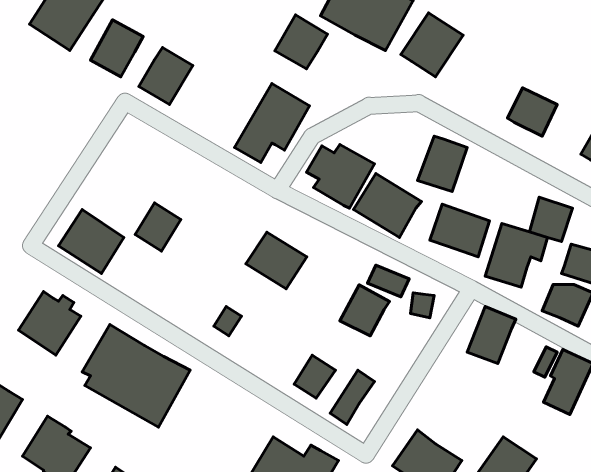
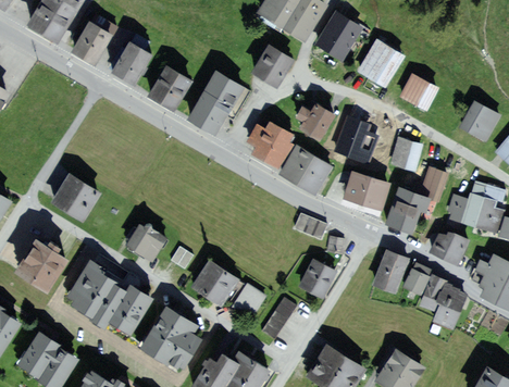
building: [275,15,327,69] -> [252,48,294,90]
building: none -> [357,41,406,92]
building: none -> [147,67,195,116]
building: none -> [294,102,333,138]
building: none -> [387,135,423,172]
building: [135,203,181,251] -> [127,222,163,260]
building: [246,232,307,289] -> [195,261,243,305]
building: [340,285,390,336] -> [298,258,337,298]
building: none -> [400,262,431,296]
building: none -> [144,310,202,372]

